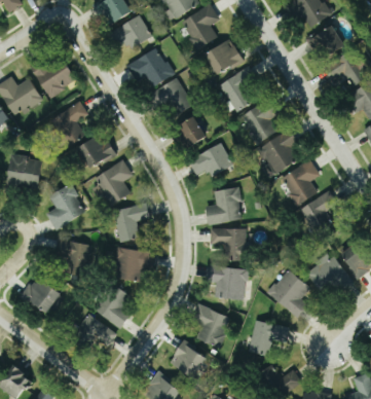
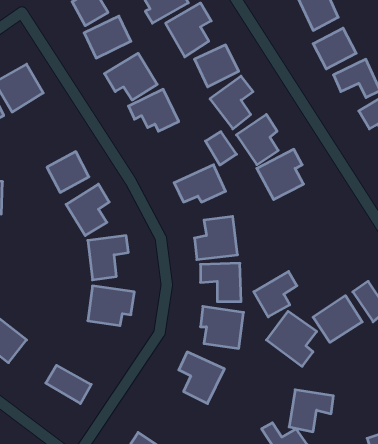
building: [53,101,87,144] -> none
building: [179,115,206,144] -> [205,132,237,165]
building: [280,158,320,205] -> none
building: [46,183,84,228] -> none
building: [299,190,336,229] -> [254,271,297,317]
building: [64,241,91,276] -> none
building: [92,283,129,328] -> none
building: [248,320,286,356] -> [289,390,333,432]
building: [169,341,206,376] -> none

